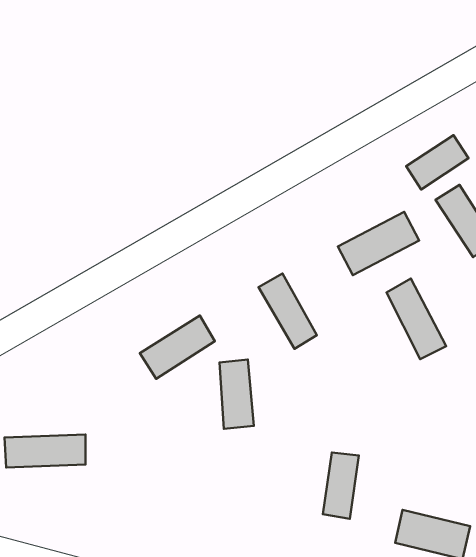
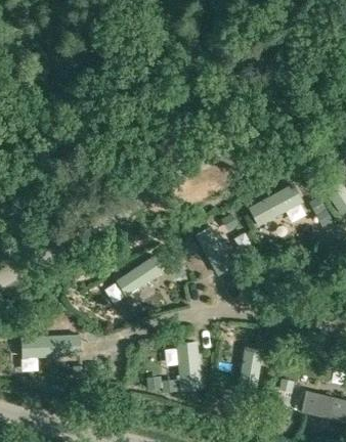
building: [406,135,469,189] -> none
building: [386,279,446,359] -> none
building: [219,360,254,429] -> [177,342,201,389]

